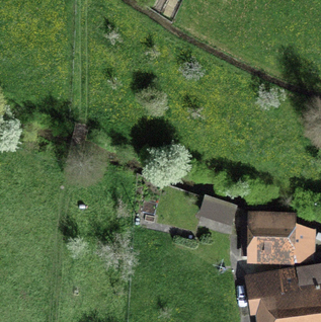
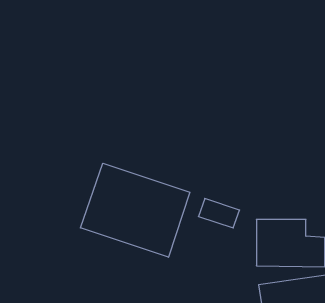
building: none -> [80,163,190,257]

